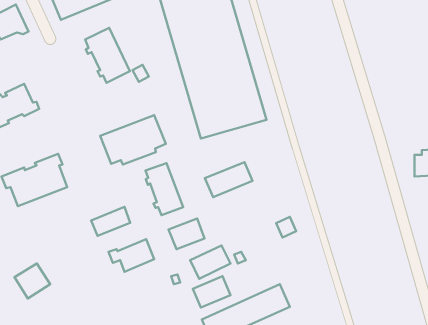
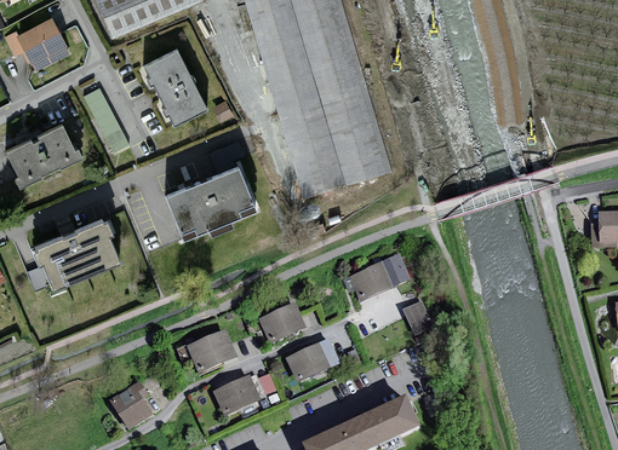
building: none -> [80,86,127,152]
building: [205,162,253,197] -> [348,256,412,304]
building: [145,163,183,215] -> none
building: [91,207,130,236] -> none
building: [14,264,50,299] -> [110,385,159,432]
building: [193,276,230,308] -> [212,376,263,419]

